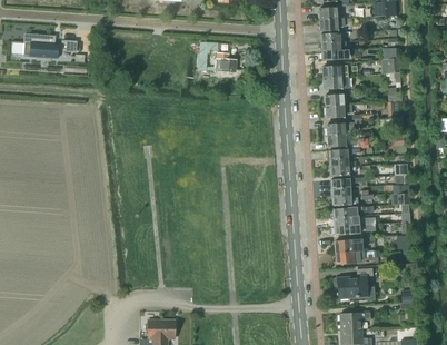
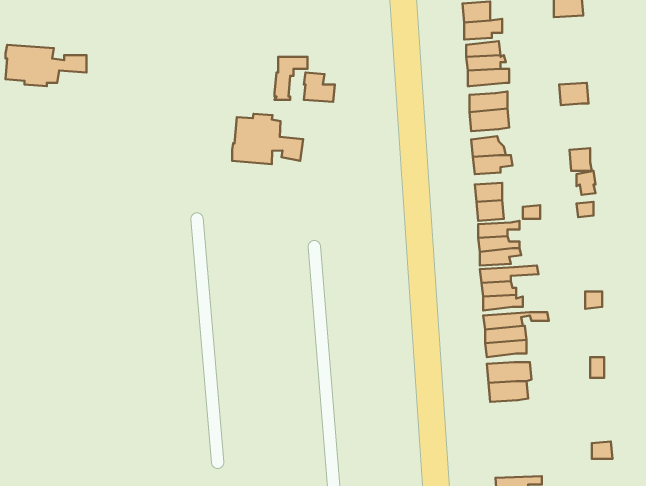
building: none -> [232,114,303,164]
building: [338,268,374,299] -> none

